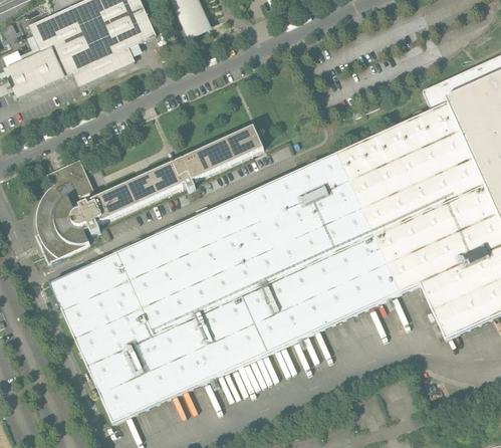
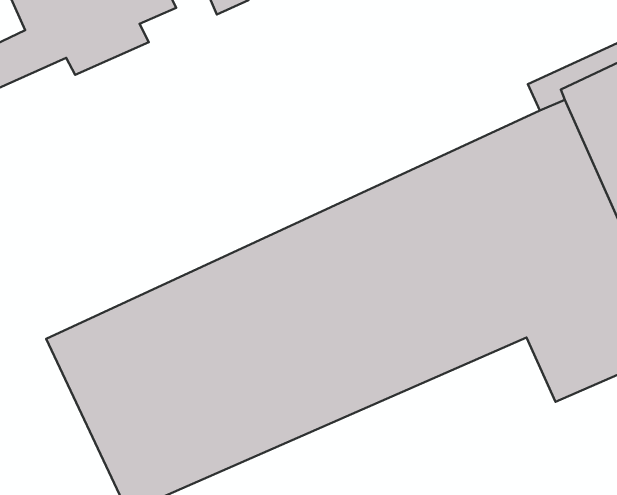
building: [37,122,268,260] -> none

